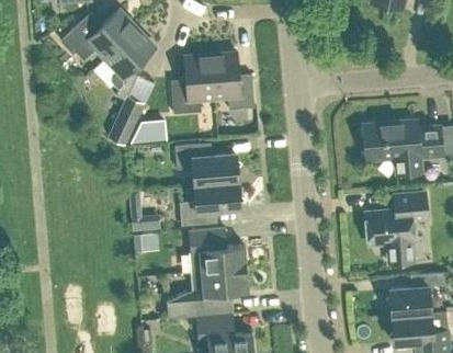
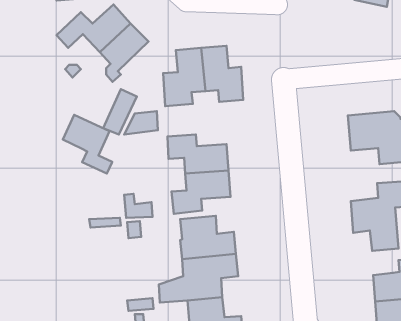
building: none -> [63,115,112,174]

